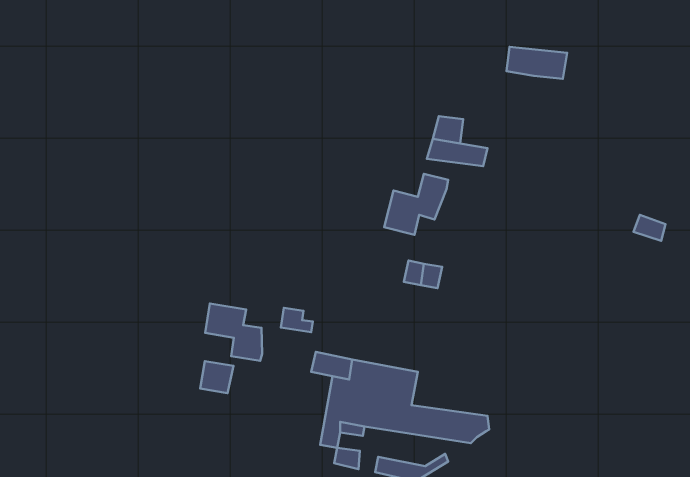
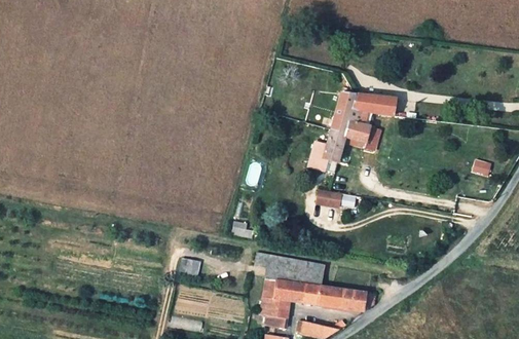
building: [506,47,567,79] -> [355,93,396,115]
building: none -> [330,120,370,147]
building: [205,304,262,361] -> none

